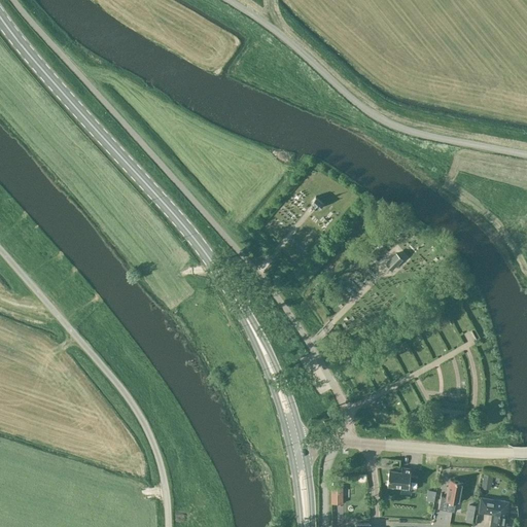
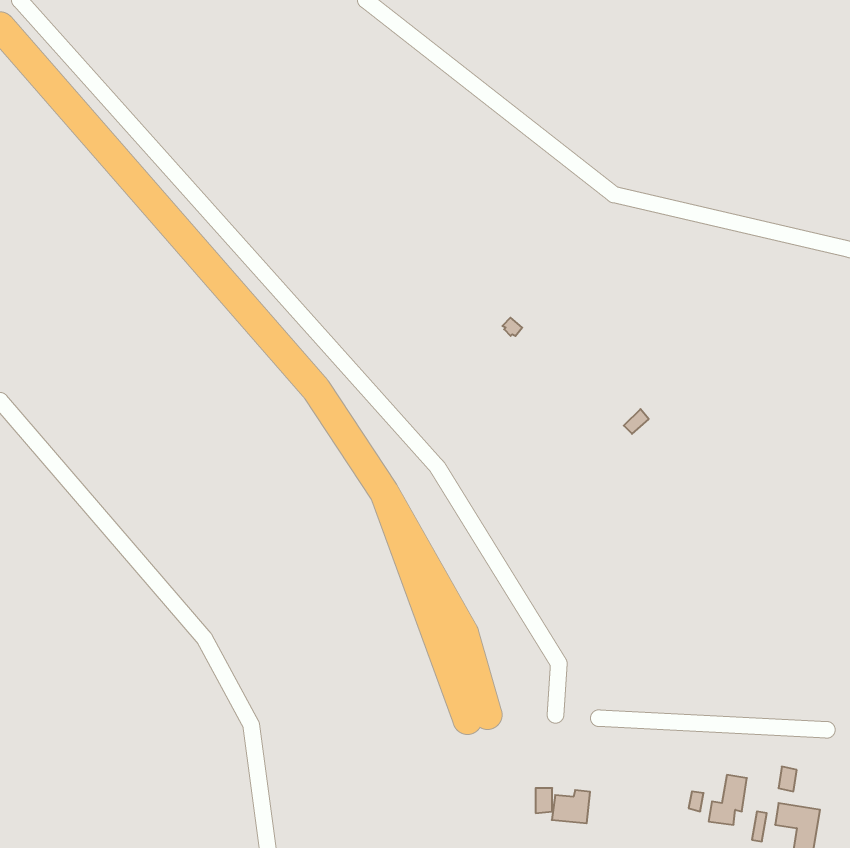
building: [387,468,411,489] -> [552,790,590,823]

